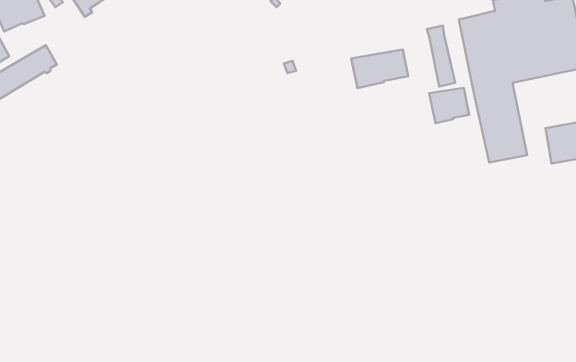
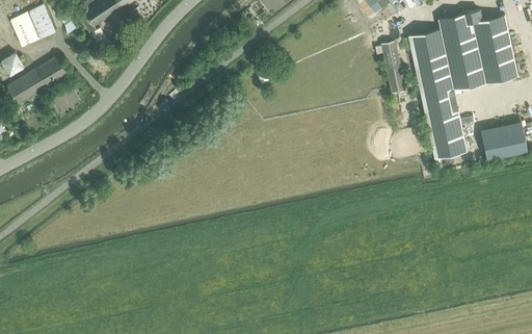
building: [351,50,408,88] -> none
building: [429,88,469,123] -> none

